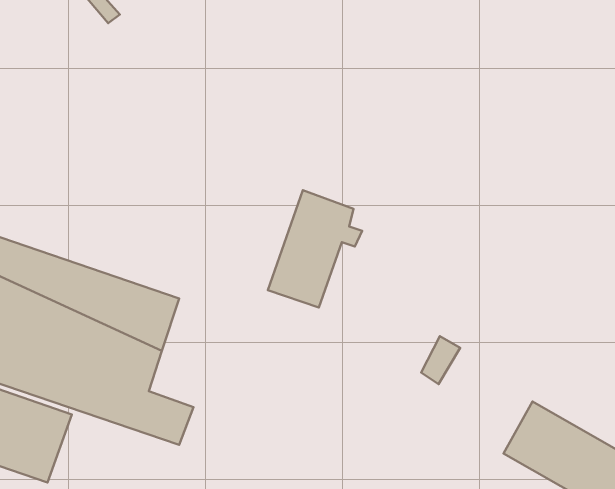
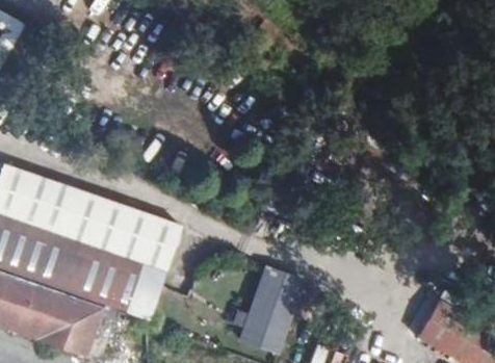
building: [268,190,362,307] -> [240,266,308,351]

